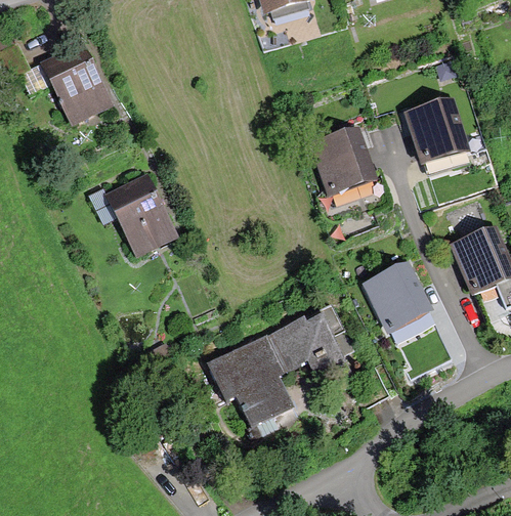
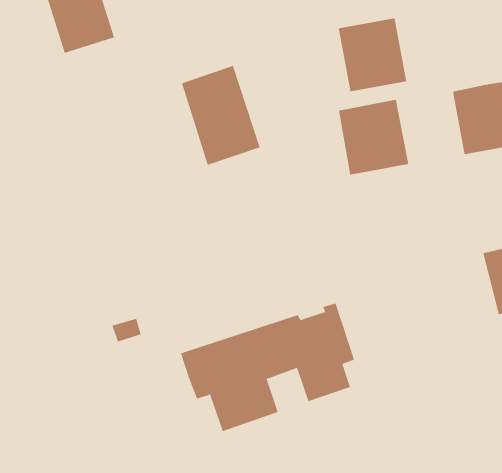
building: none -> [338,17,407,92]
building: [103,169,178,257] -> [181,65,261,165]
building: [363,260,434,334] -> none

